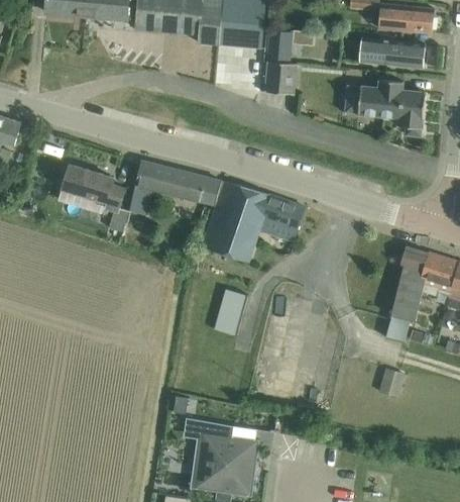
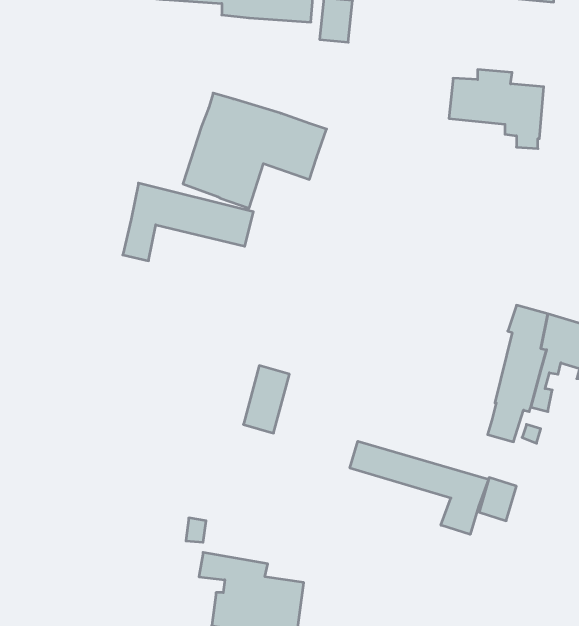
building: [360,36,423,67] -> none
building: [264,63,296,95] -> none
building: [62,164,128,232] -> none
building: [202,182,303,263] -> [183,93,327,208]
building: none -> [350,441,489,534]

